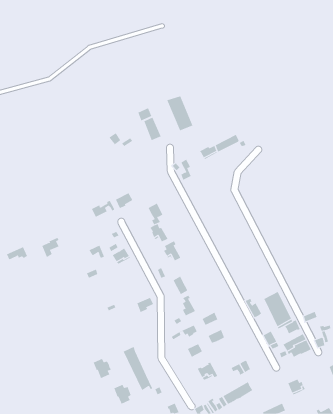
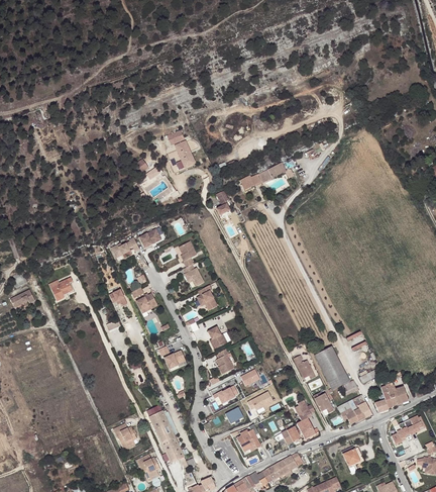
building: [166,95,193,131] -> none
building: none -> [294,399,315,438]

